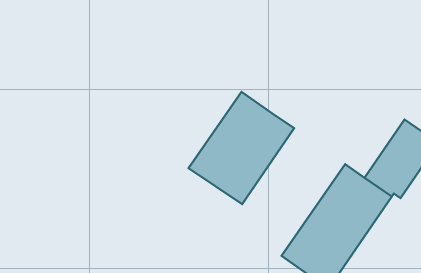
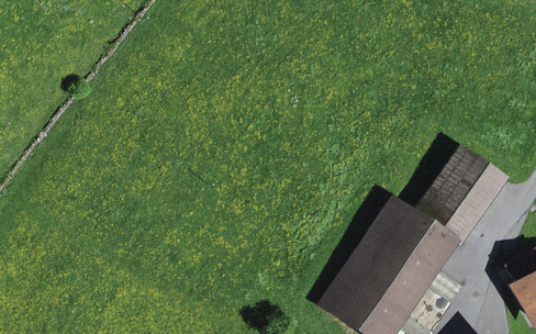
building: [188,92,294,204] -> none

